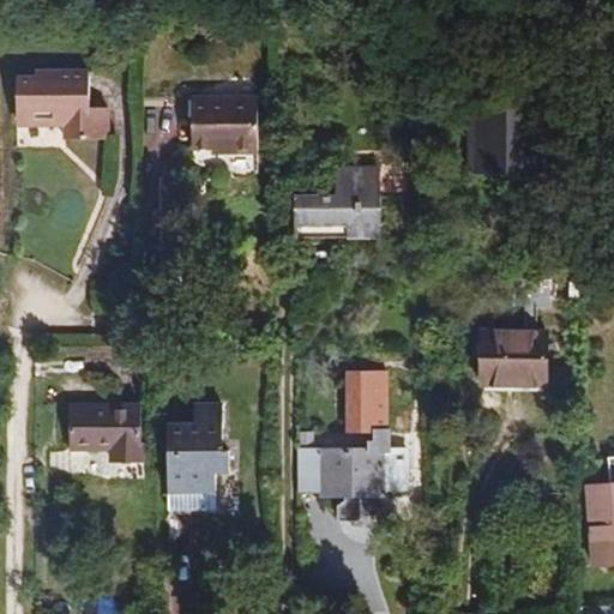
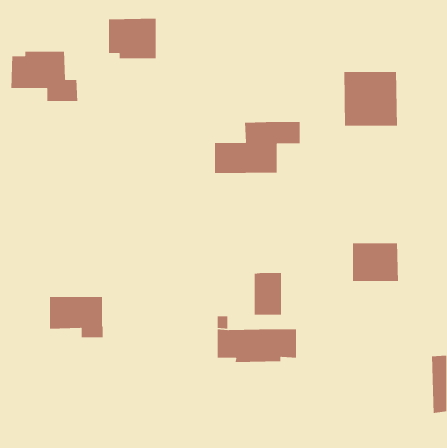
building: [191,96,257,152] -> [108,18,157,59]
building: [165,403,225,490] -> none

